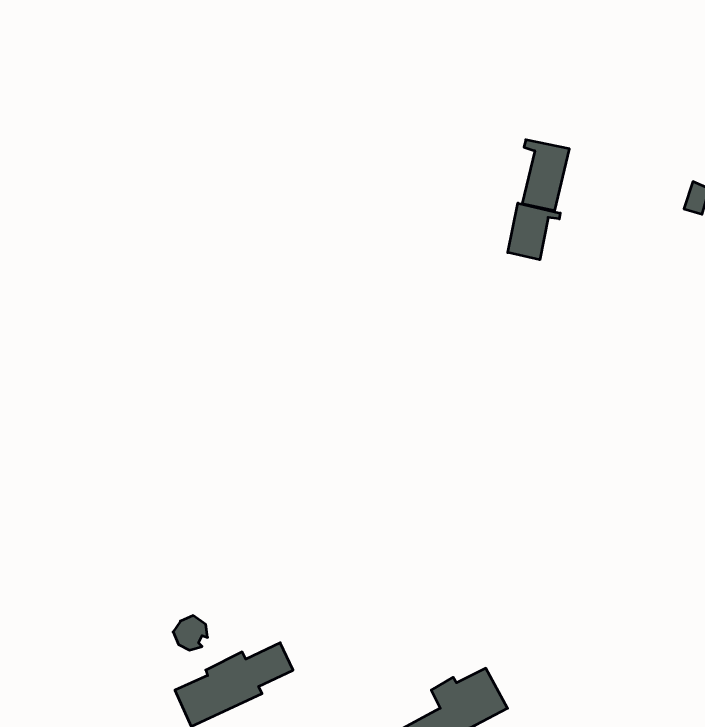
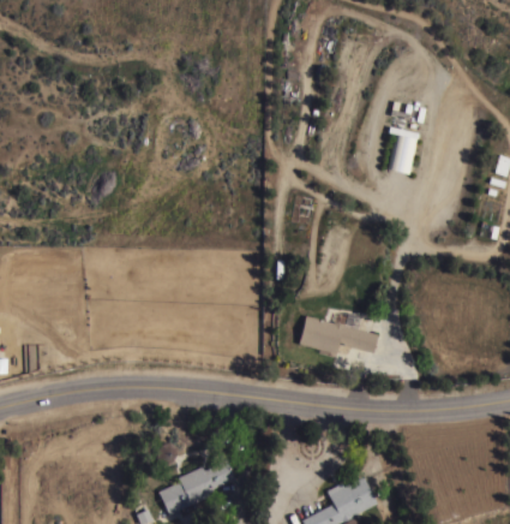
building: [508,203,560,260] -> none
building: none -> [299,314,378,355]

